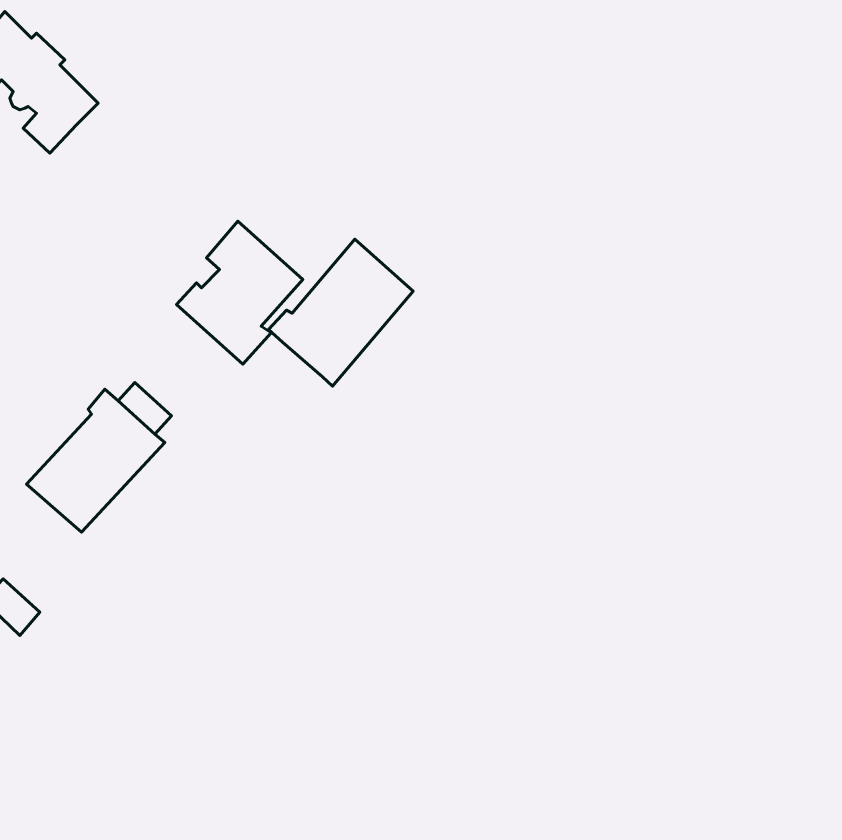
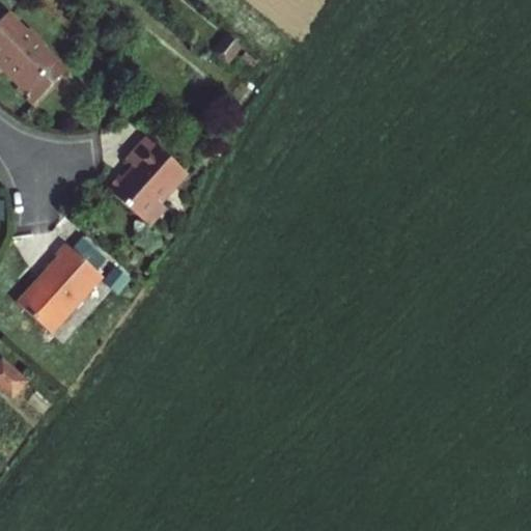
building: [268,239,413,386] -> none

